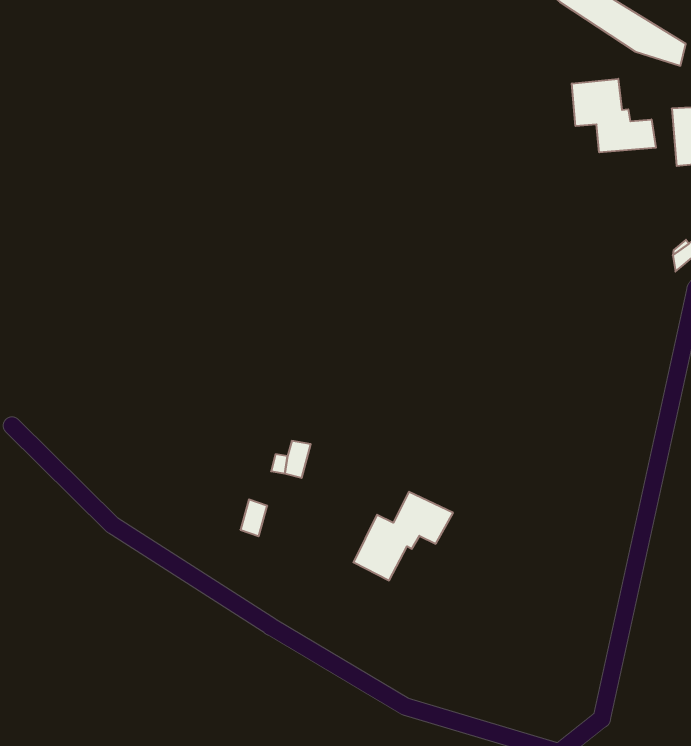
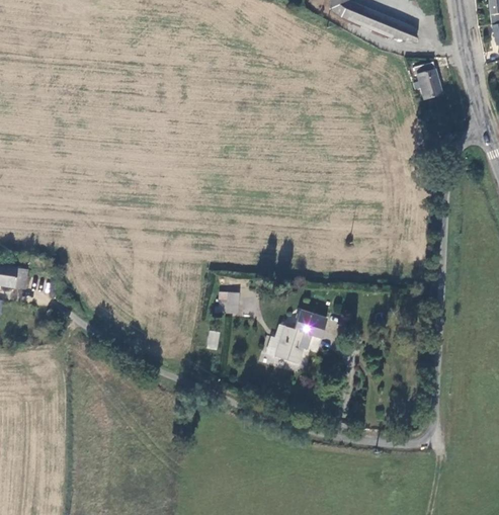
building: [572,79,656,152] -> none

